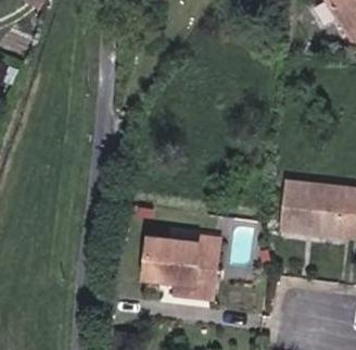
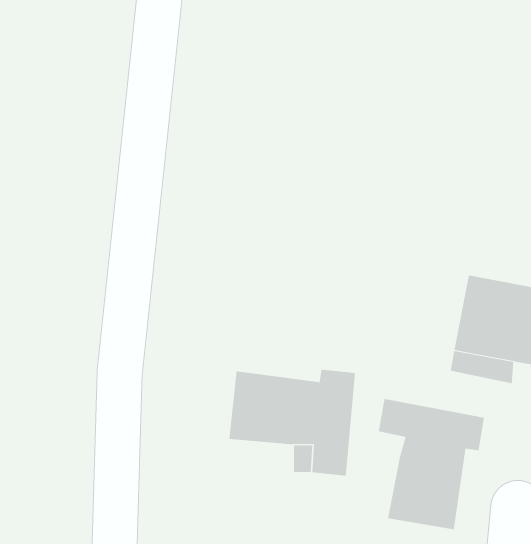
building: none -> [378,398,485,530]

